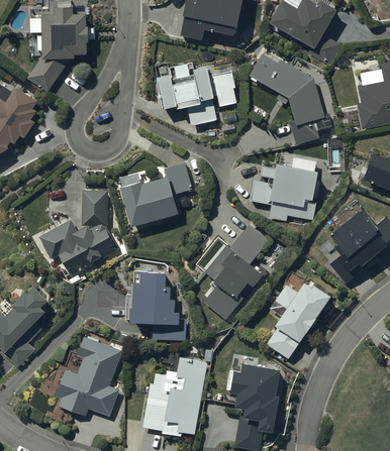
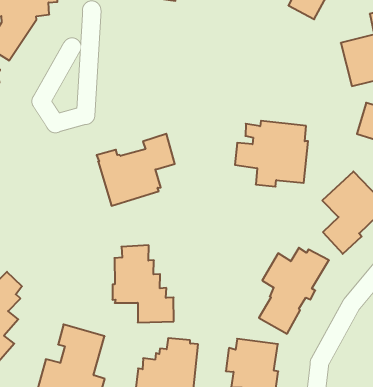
building: [251,58,331,146] -> none
building: [156,62,235,124] -> none
building: [39,190,118,275] -> none
building: [202,223,269,319] -> none

